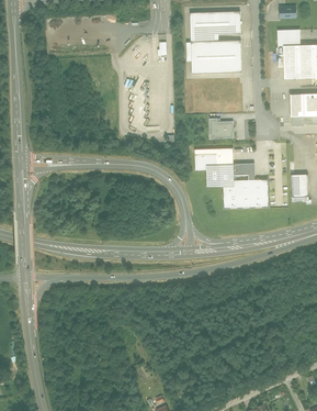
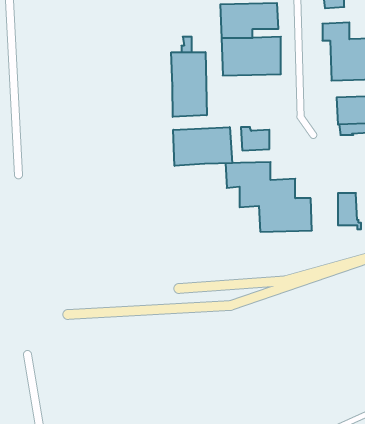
building: none -> [171,52,207,117]
building: none -> [173,127,232,166]

